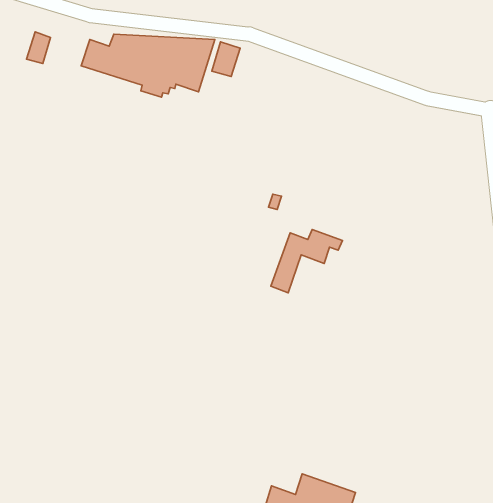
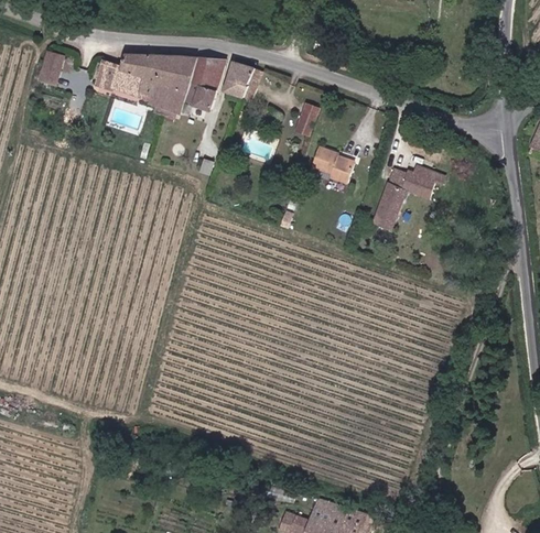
building: none -> [295,102,320,134]
building: none -> [312,145,355,183]
building: [271,230,343,293] -> [374,163,446,227]

